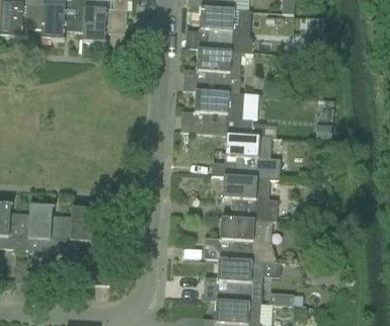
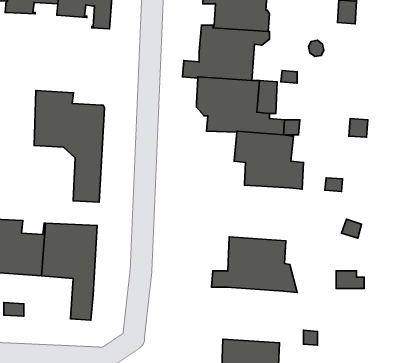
building: none -> [34,90,104,202]
building: [220,174,278,221] -> none
building: [203,258,263,303] -> none

